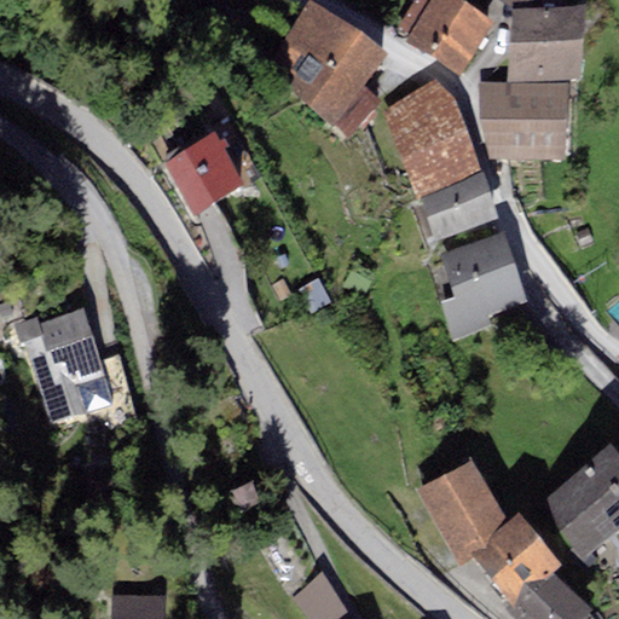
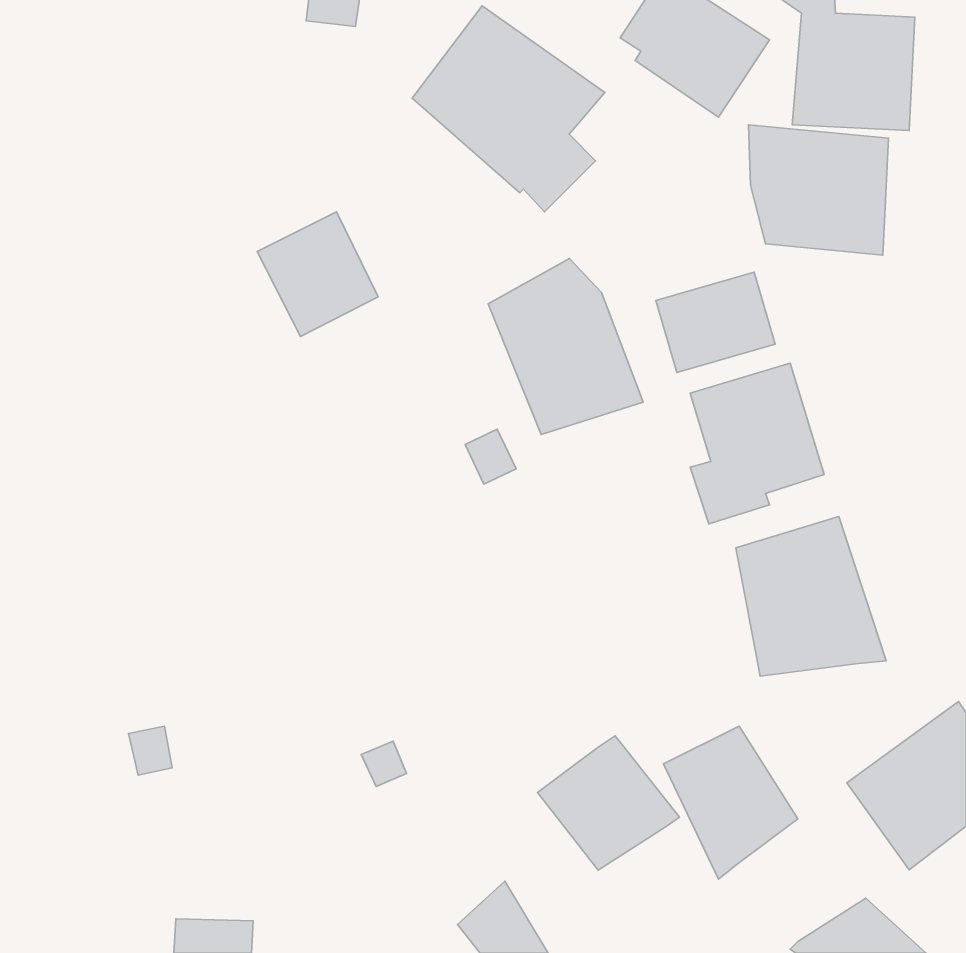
building: [382,79,481,191] -> [488,259,643,434]
building: [13,303,112,417] -> none
building: none -> [736,517,886,676]
building: [472,516,562,602] -> [538,736,679,870]

